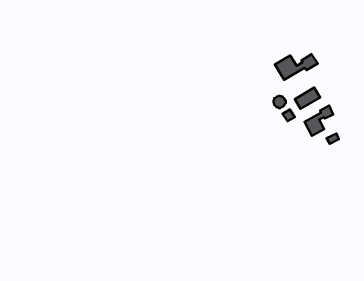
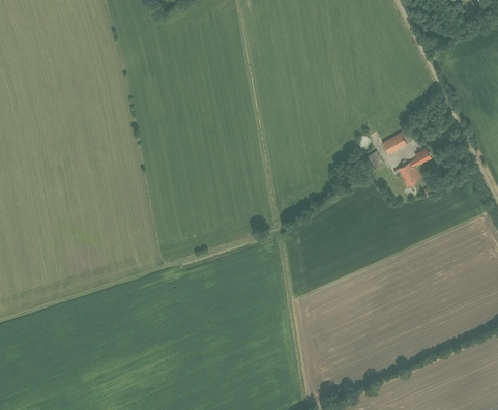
building: [275,54,318,80] -> none

